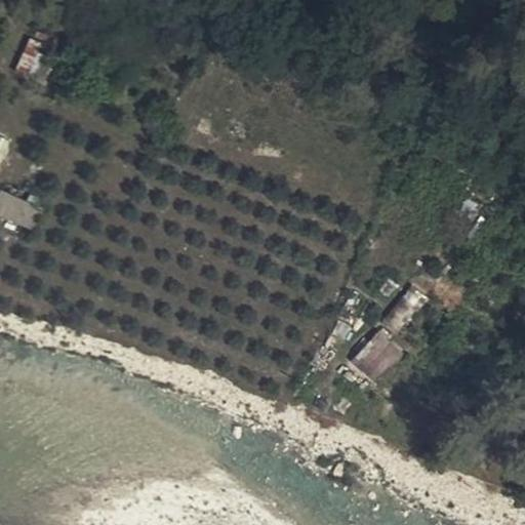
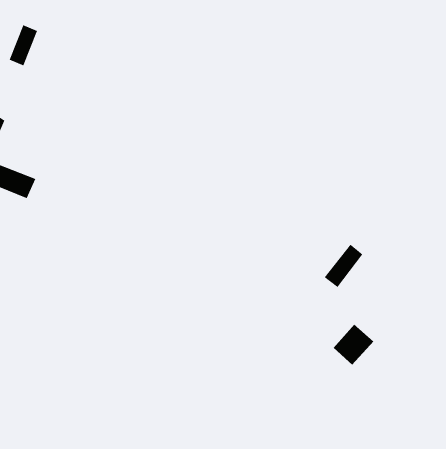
building: [352,334,400,382] -> [333,324,374,365]

